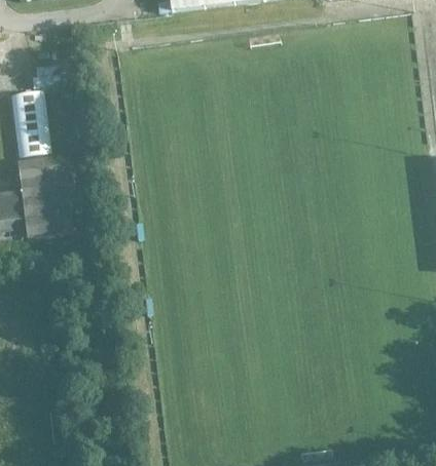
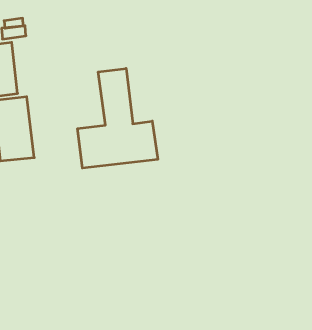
building: none -> [78,68,158,168]

